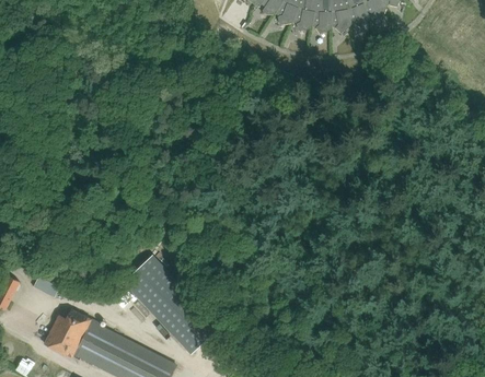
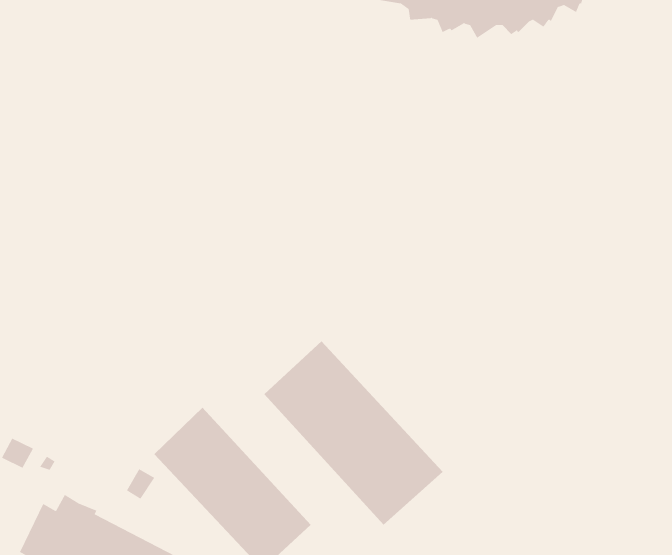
building: none -> [263,341,443,526]

